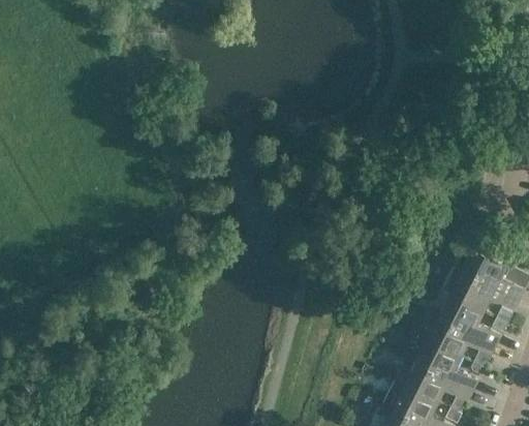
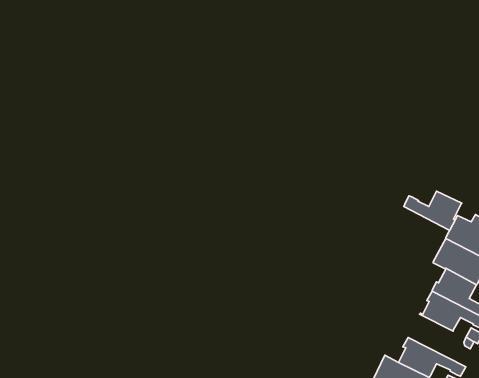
building: none -> [404,191,462,230]
building: [418,342,480,394] -> none

